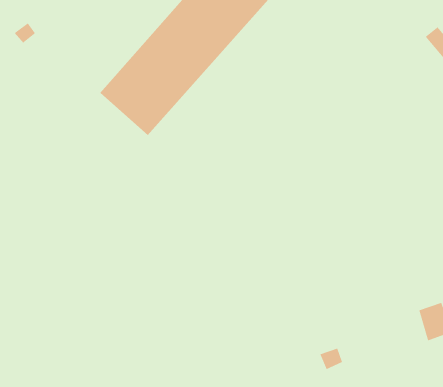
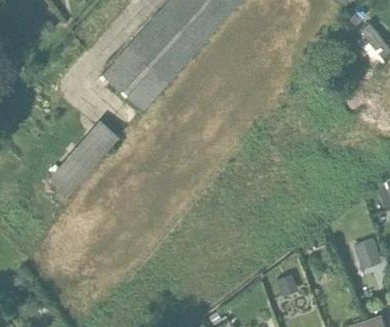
building: none -> [51,120,123,196]

